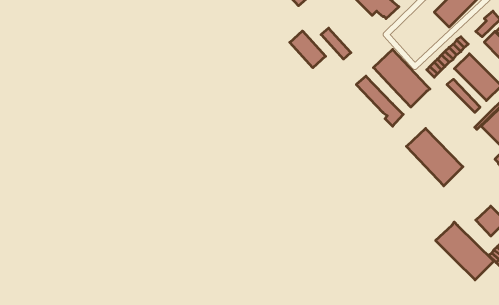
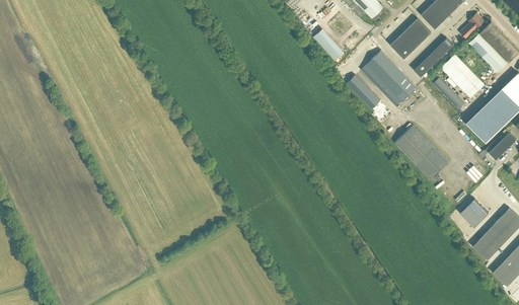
building: none -> [389,17,431,59]
building: [290,31,326,68] -> none
building: [436,222,494,280] -> none

